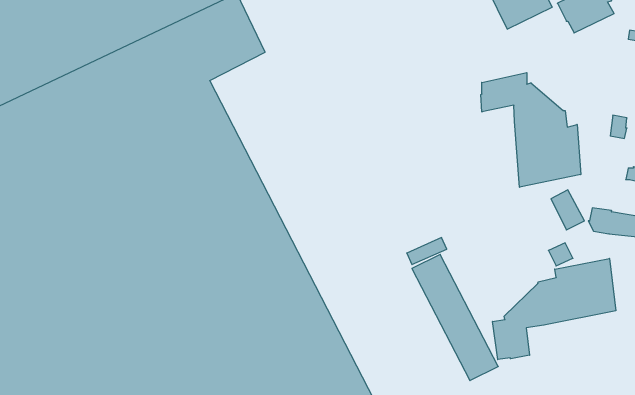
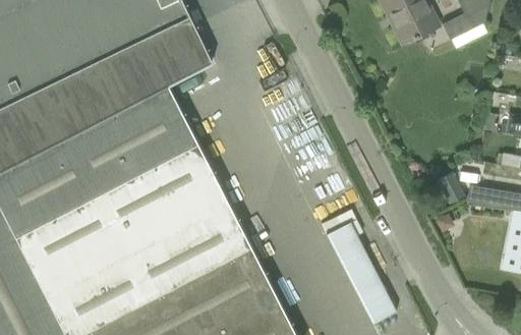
building: [481,73,581,187] -> none
building: [493,258,616,360] -> none

